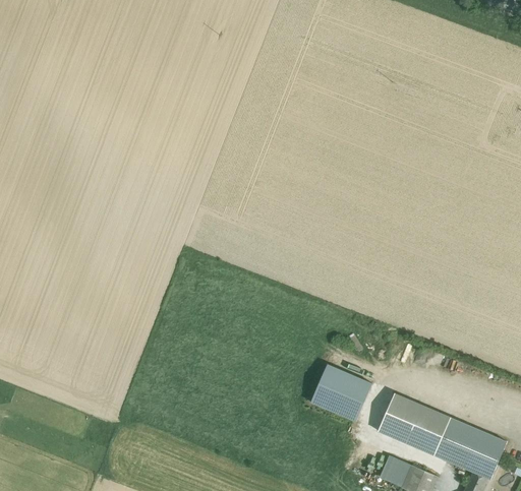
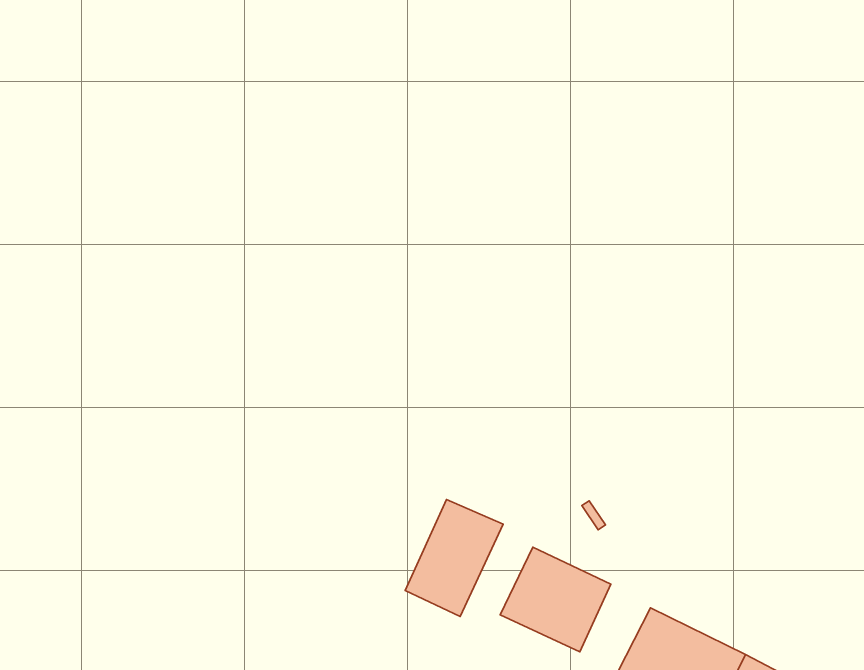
building: none -> [405,500,503,617]

